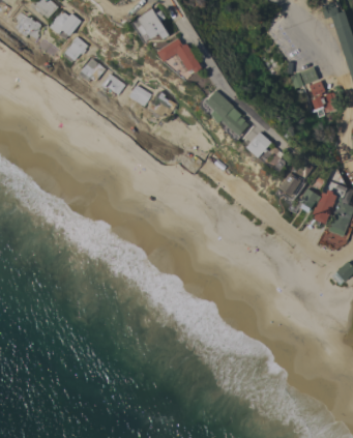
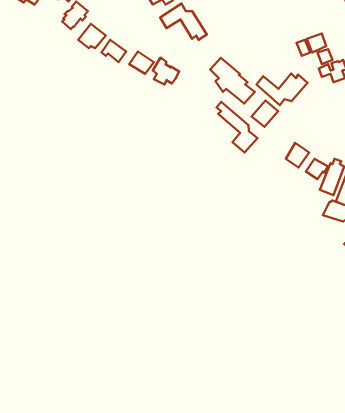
building: none -> [256,74,308,105]
building: none -> [216,102,258,153]

